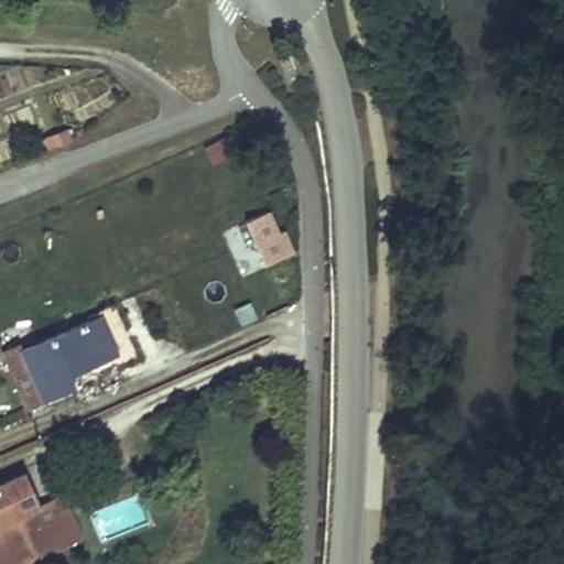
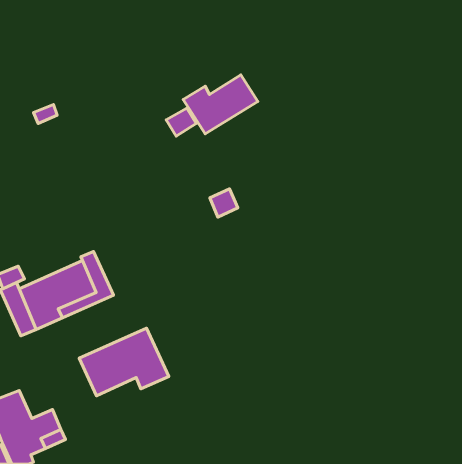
building: none -> [183,75,258,134]
building: none -> [79,328,169,396]

